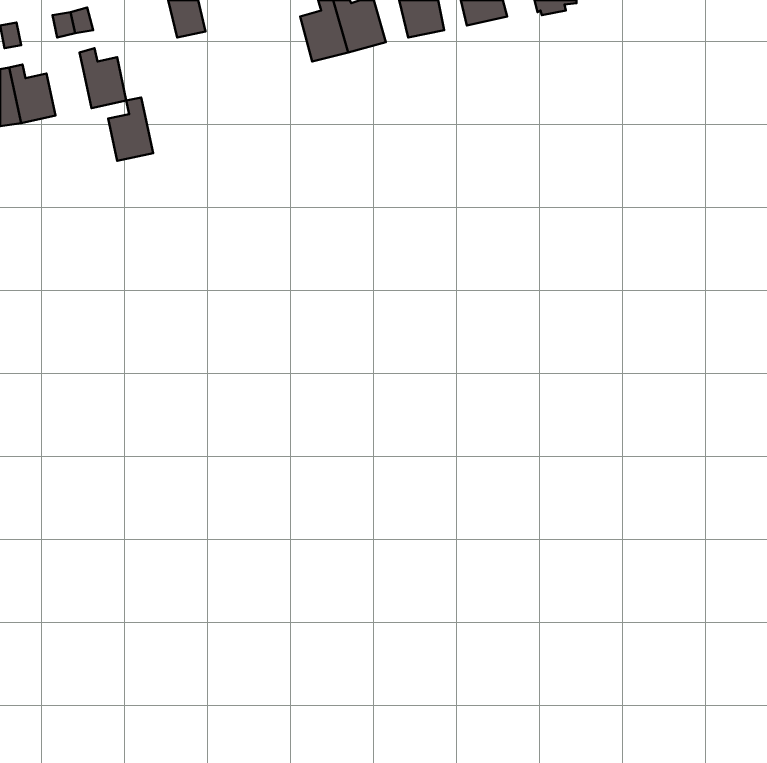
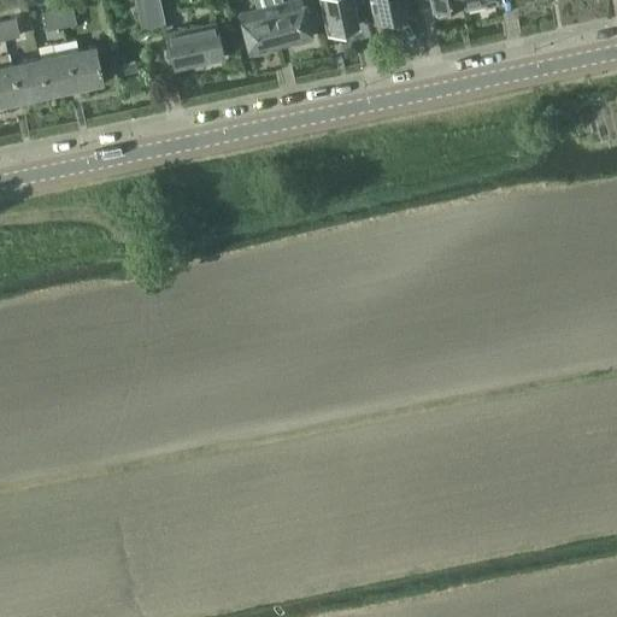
building: none -> [165,23,223,70]
building: [108,98,153,161] -> [37,46,74,96]

